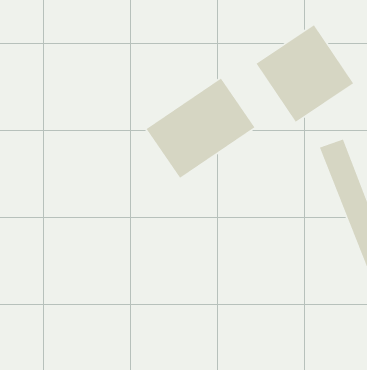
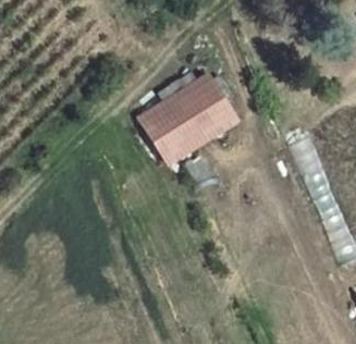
building: [256,24,354,123] -> none

